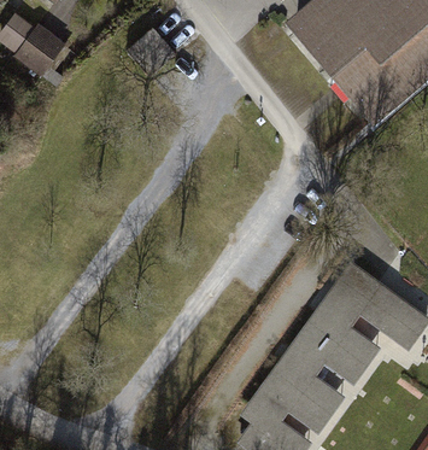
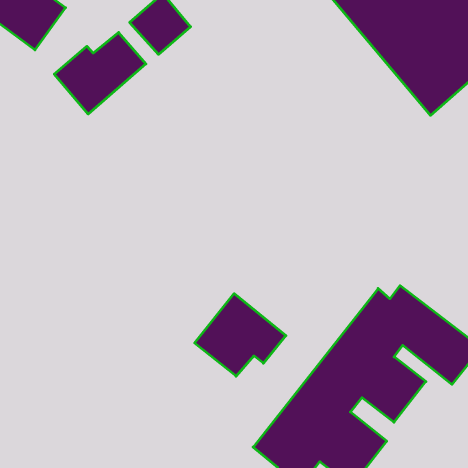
building: none -> [54,32,146,114]
building: none -> [195,294,286,376]

